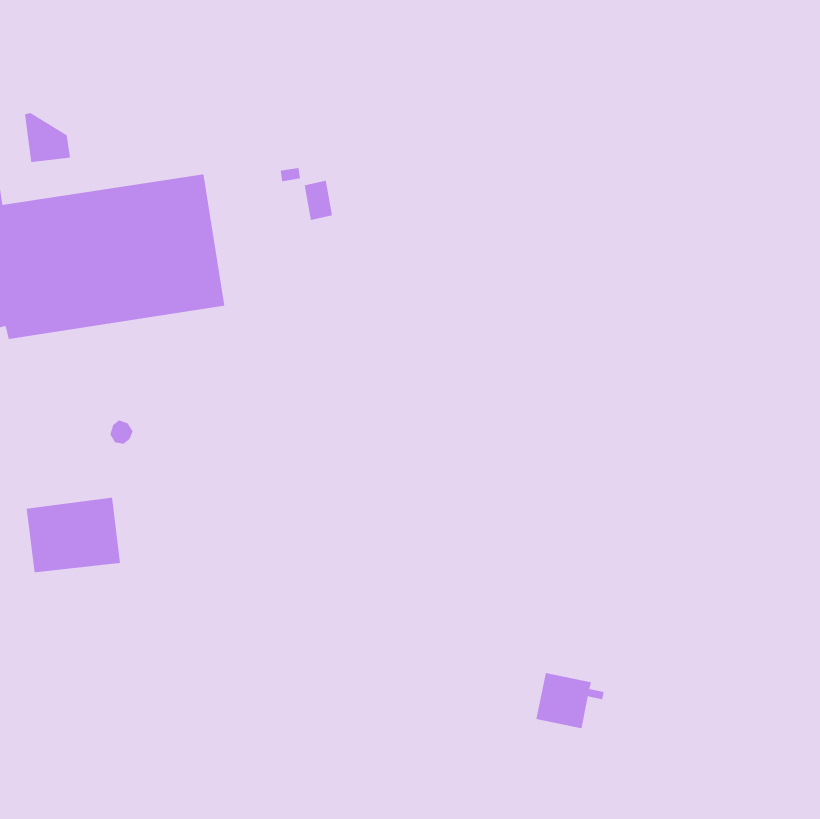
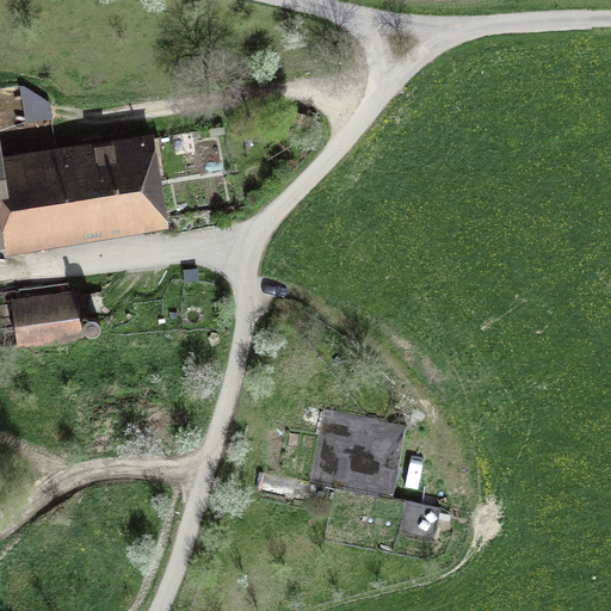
building: [26,497,121,573] -> [11,292,81,348]
building: none -> [314,409,406,499]

